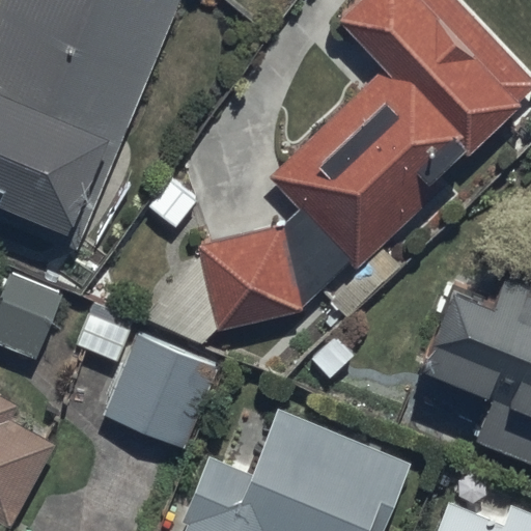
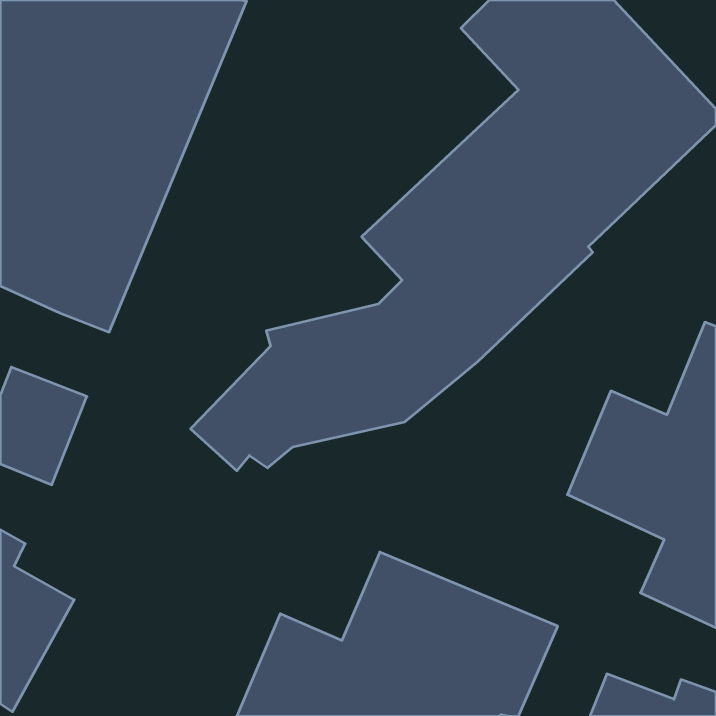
building: [103,332,219,448] -> none

